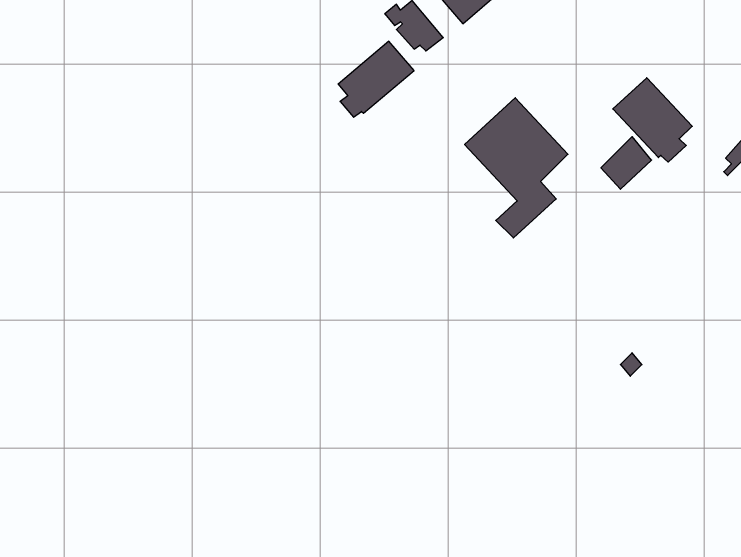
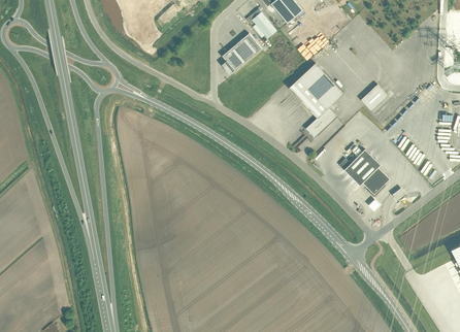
building: [613,78,692,162] -> none
building: none -> [343,148,390,195]

